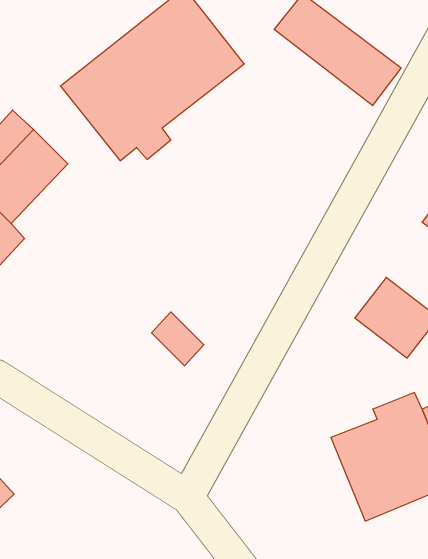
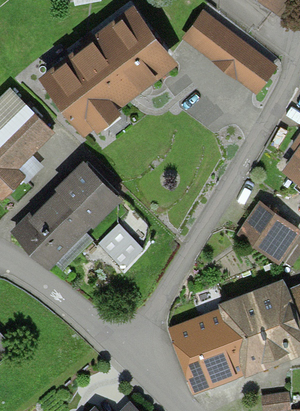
building: none -> [16,162,116,261]
building: none -> [174,311,248,386]

